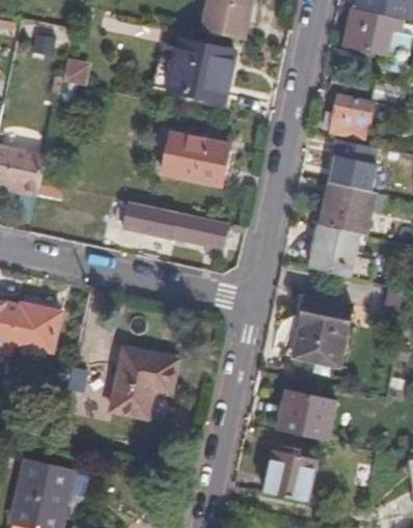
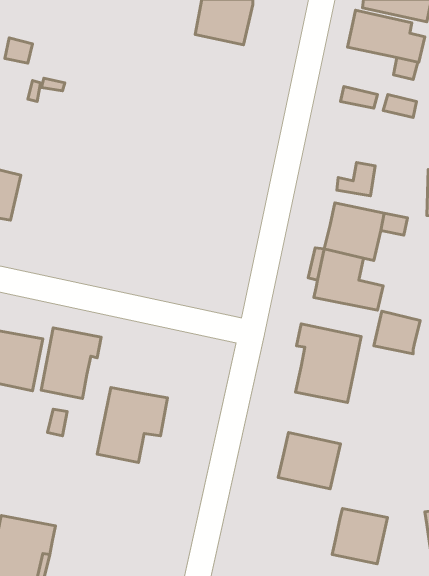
building: [170,40,238,103] -> none
building: [318,98,391,138] -> none
building: [163,132,228,184] -> none
building: [120,203,224,250] -> none
building: none -> [41,328,101,399]
building: [260,448,310,498] -> [332,508,388,564]

